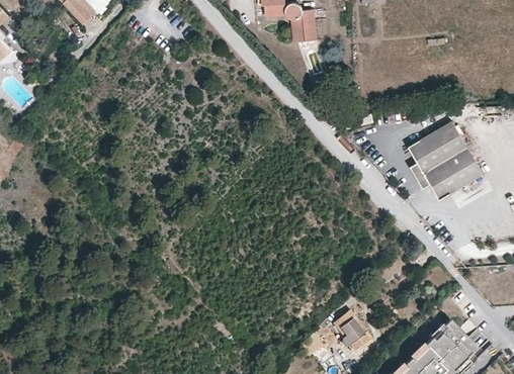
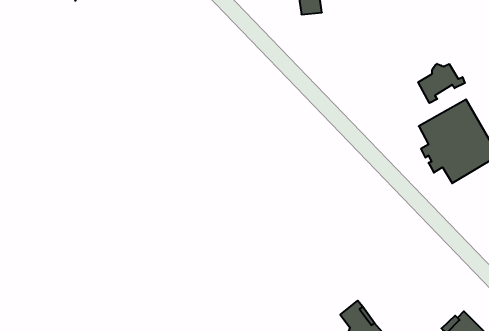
building: none -> [418,64,465,103]

